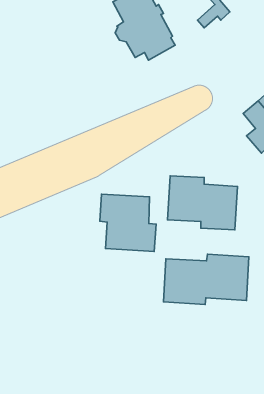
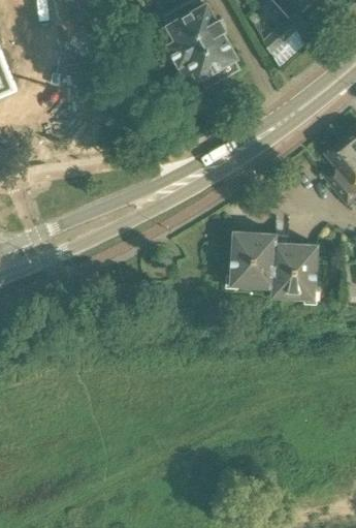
building: [100,194,156,251] -> none
building: [164,254,249,304] -> none

